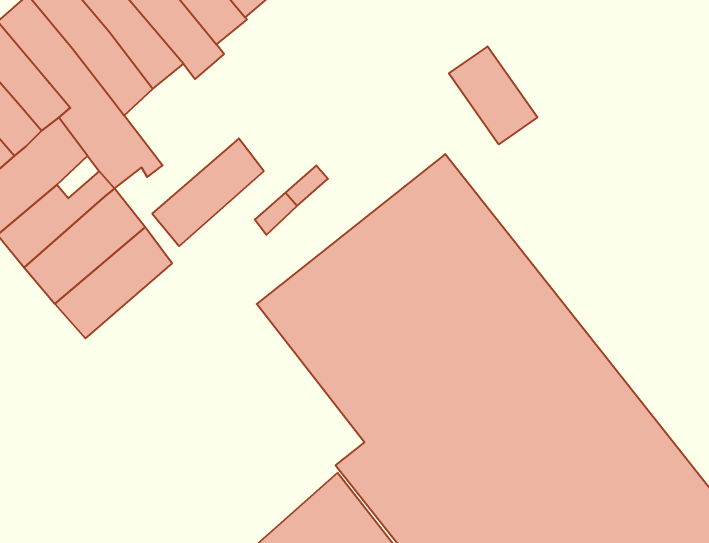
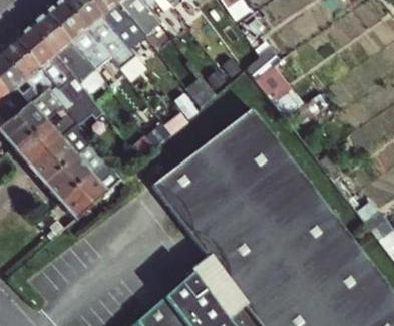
building: [152,138,264,246] -> [60,166,118,222]

